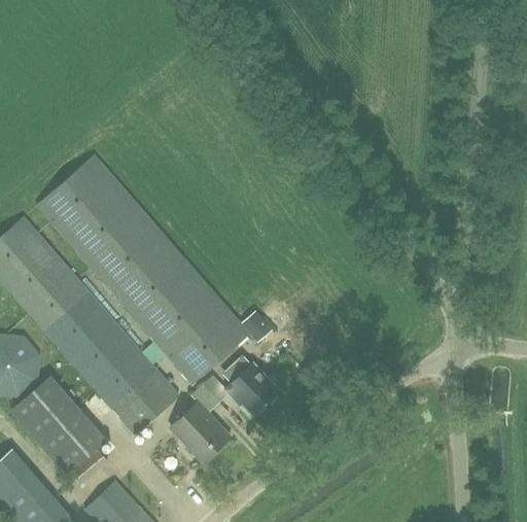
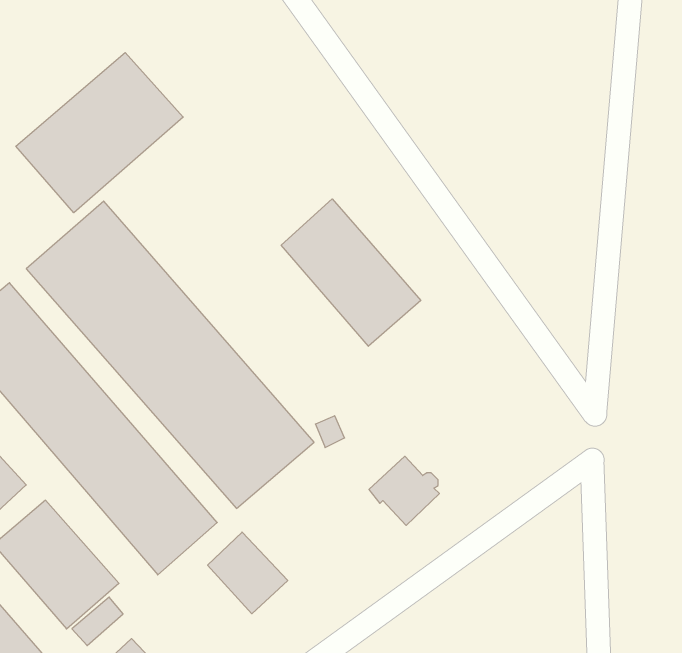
building: none -> [16,53,183,213]
building: none -> [281,199,421,346]
building: [226,362,279,414] -> [369,456,439,525]

